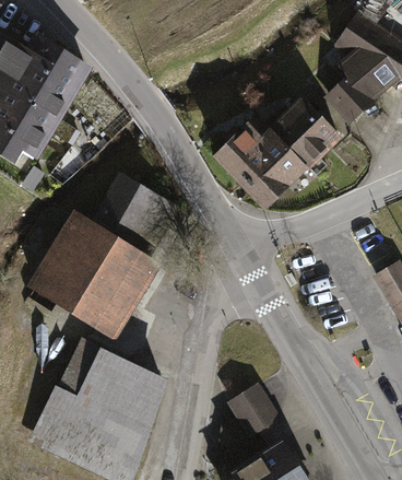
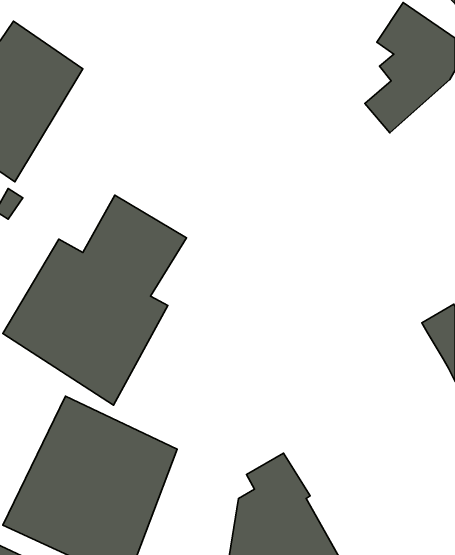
building: [215,97,336,204] -> none

